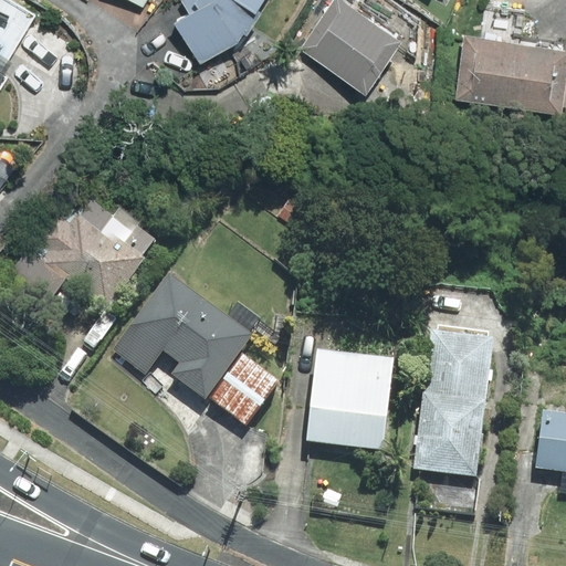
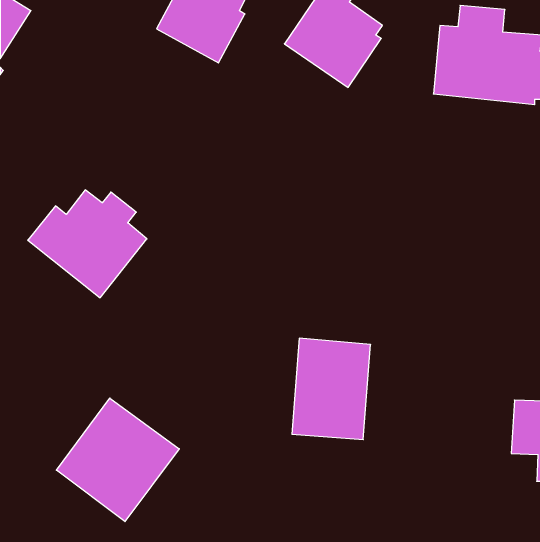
building: [114,275,277,431] -> none
building: [417,334,489,474] -> none
building: none -> [56,398,179,522]

